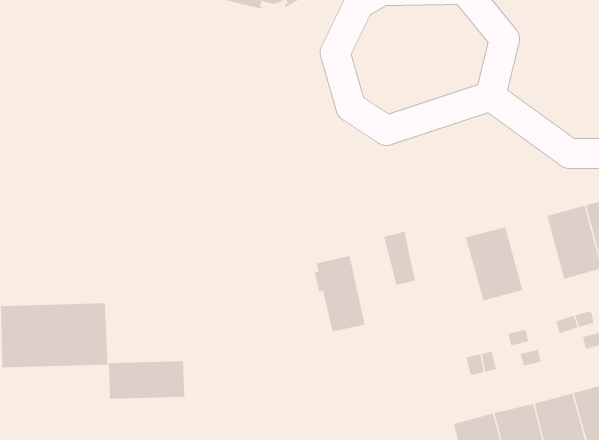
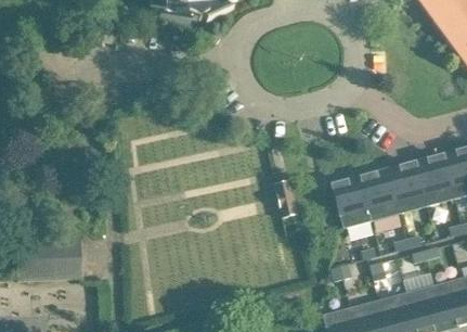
building: none -> [360,168,400,220]
building: [314,255,365,332] -> none
building: [108,360,185,399] -> none

